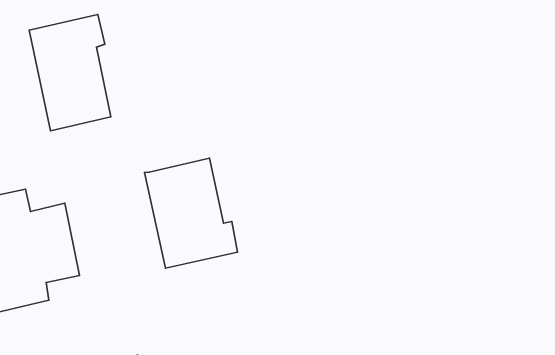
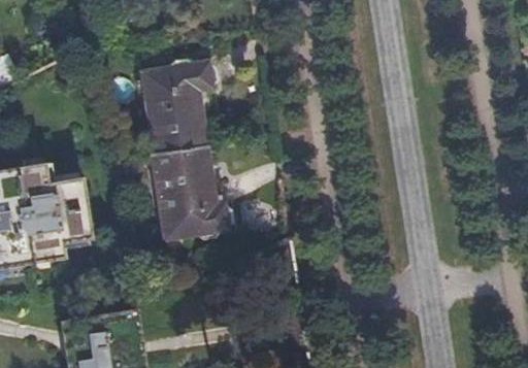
building: [29,15,111,131] -> [143,61,208,158]

